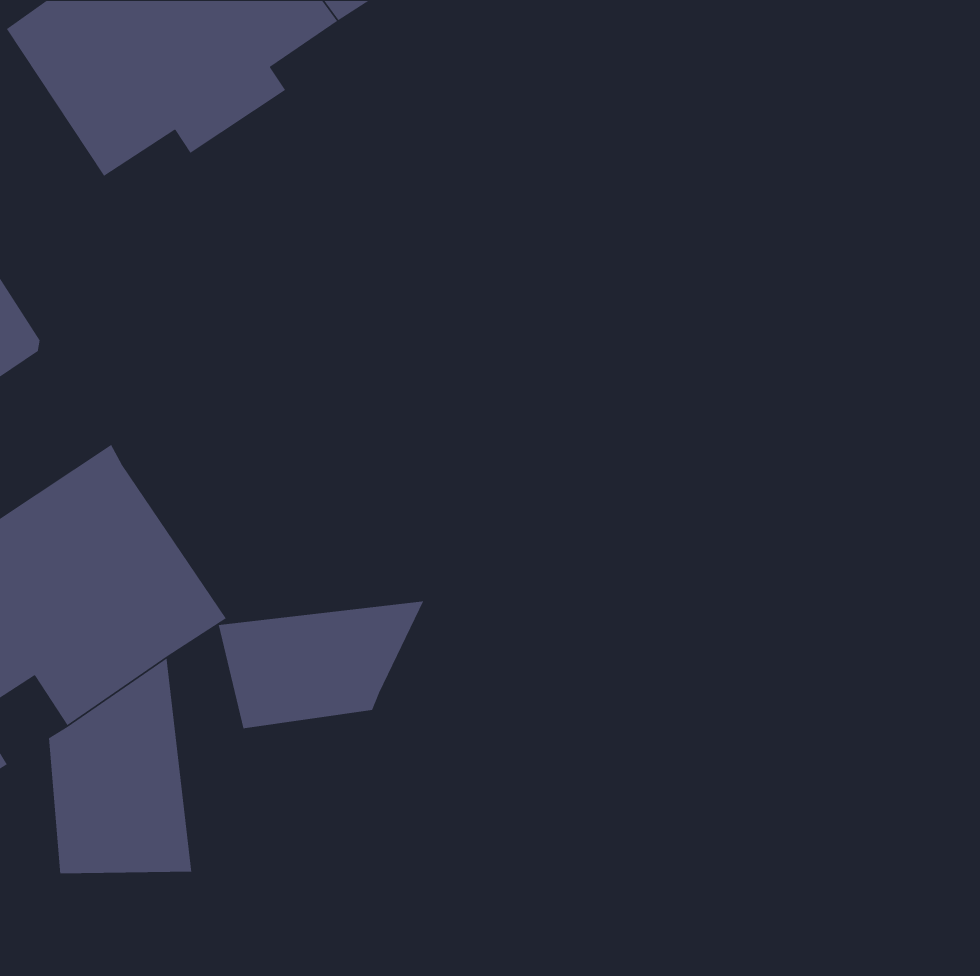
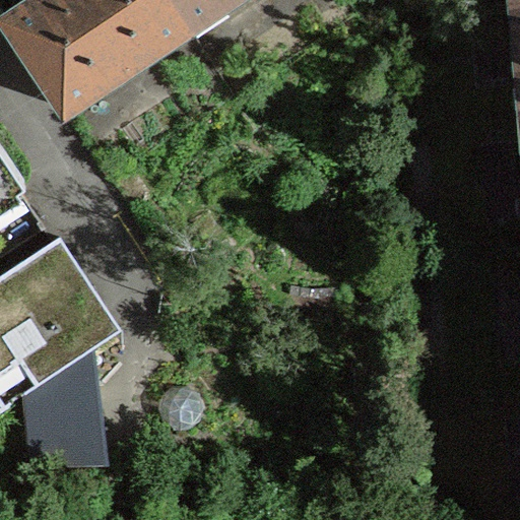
building: [218,600,424,729] -> none

